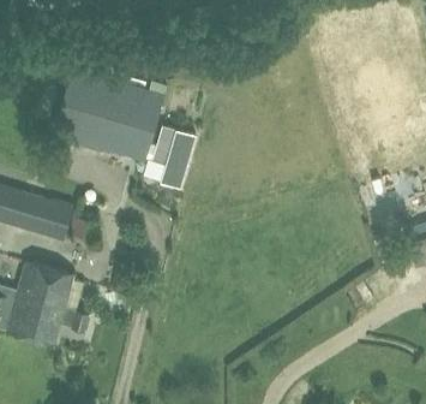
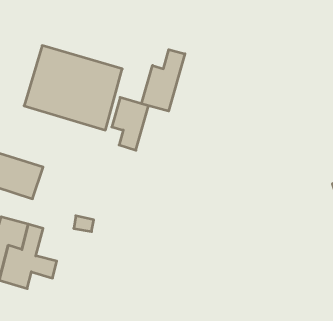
building: none -> [142,50,185,111]

